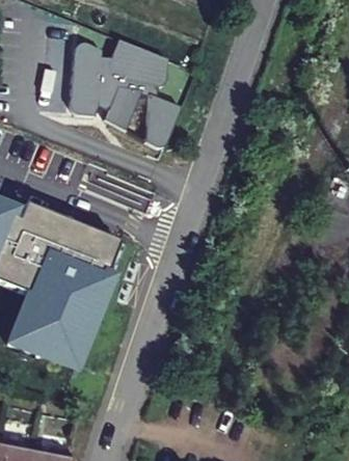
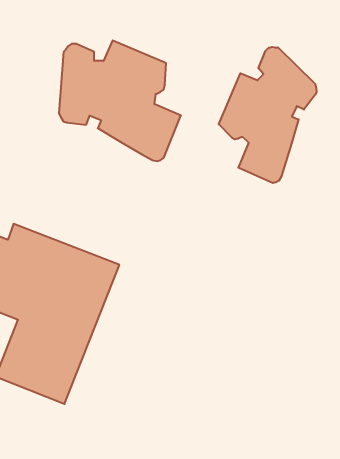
building: none -> [219,47,317,183]

